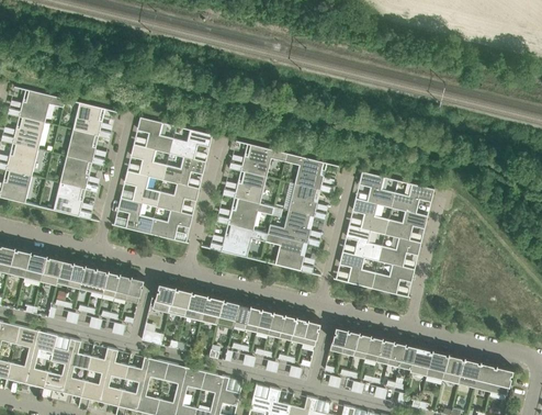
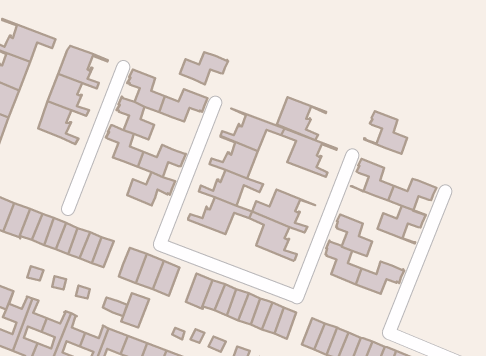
building: [162,157,205,187] -> [180,52,228,84]
building: [52,183,91,220] -> none
building: [286,184,330,221] -> [277,97,326,140]
building: [117,198,153,234] -> none
building: [348,199,387,235] -> [364,111,407,154]
building: [377,238,420,267] -> none
building: [200,294,223,325] -> [121,293,149,327]

